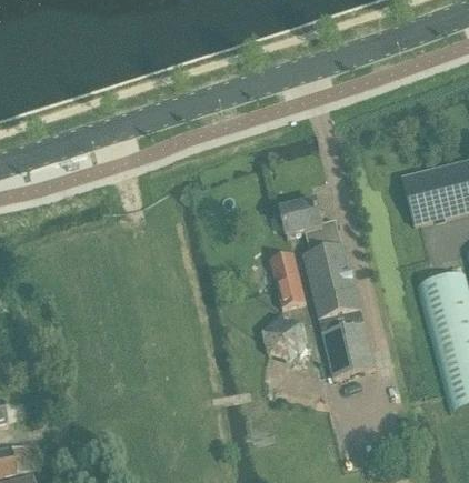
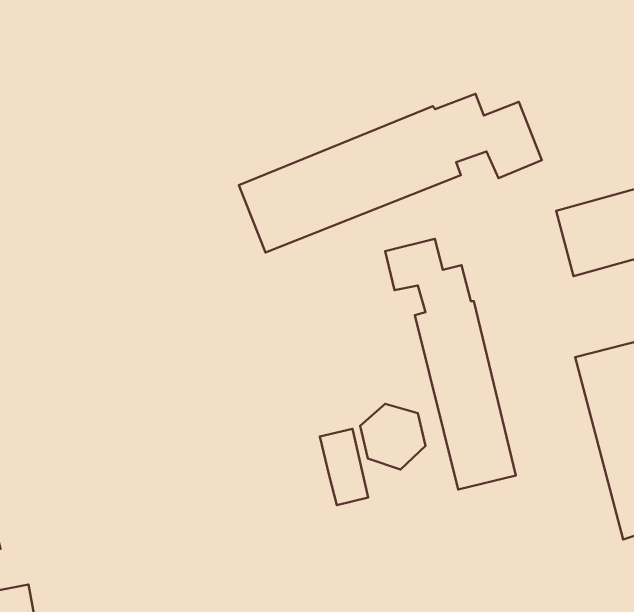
building: none -> [239,94,542,253]
building: [270,252,305,306] -> [320,429,368,505]

